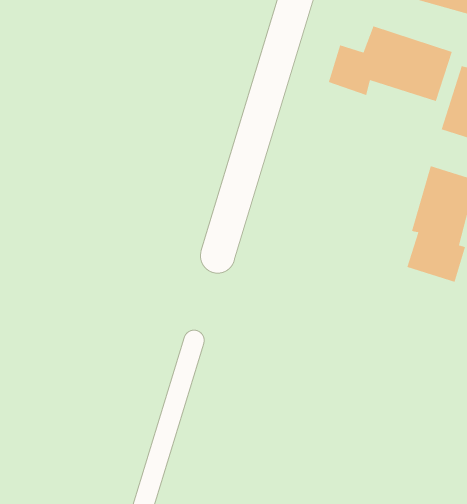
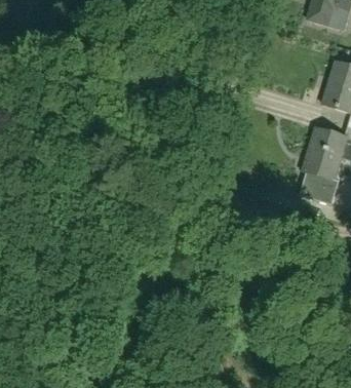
building: [328,26,453,102] -> none

